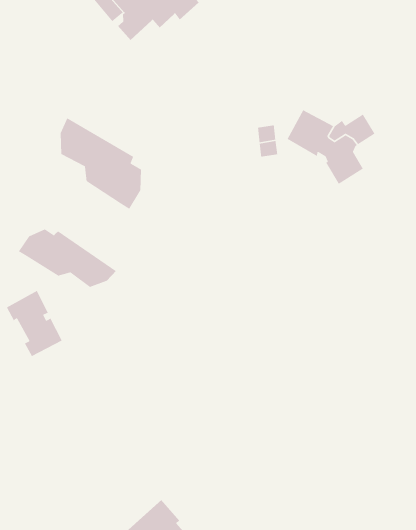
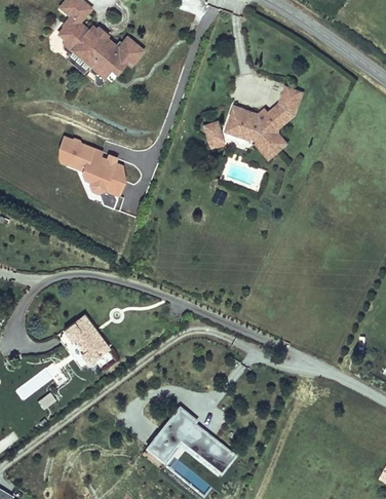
building: none -> [277,86,300,117]
building: [18,228,117,288] -> none
building: [6,290,63,357] -> [65,314,110,363]

